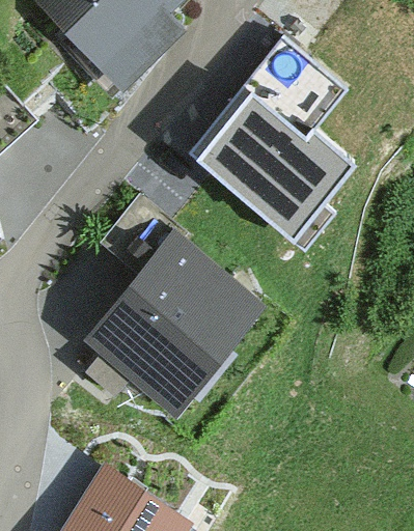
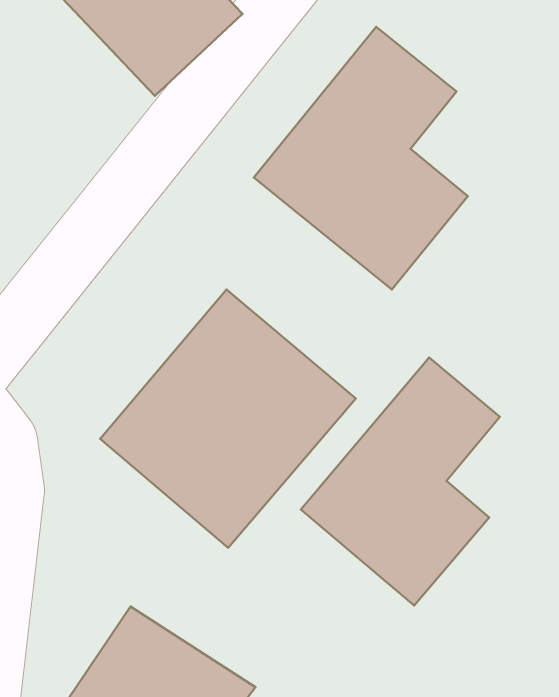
building: none -> [301,358,500,606]

